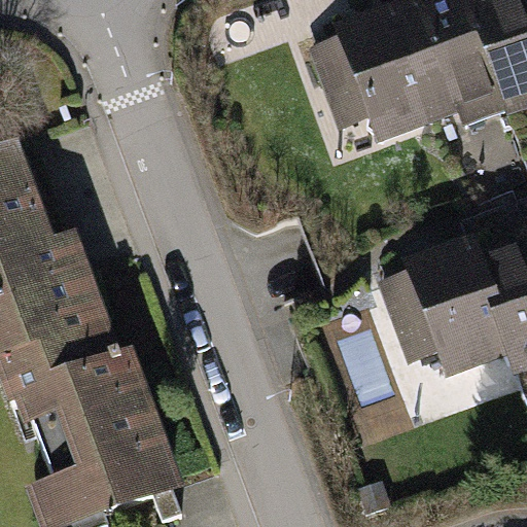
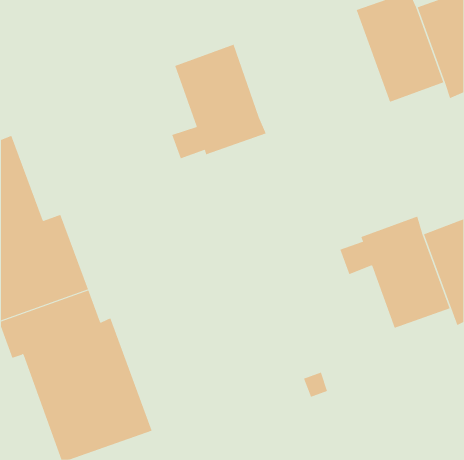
building: [315,11,442,140] -> none
building: none -> [172,44,267,159]

